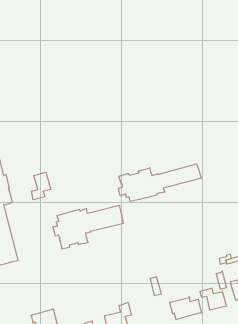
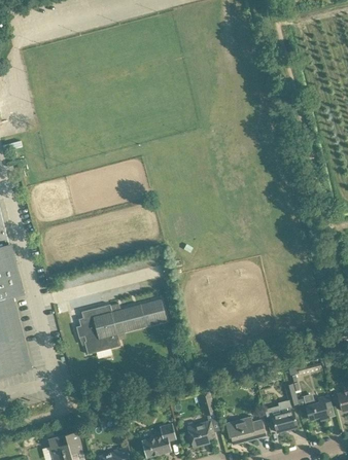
building: [118,164,201,202] -> none
building: [32,172,51,200] -> none
building: none -> [187,420,215,446]

